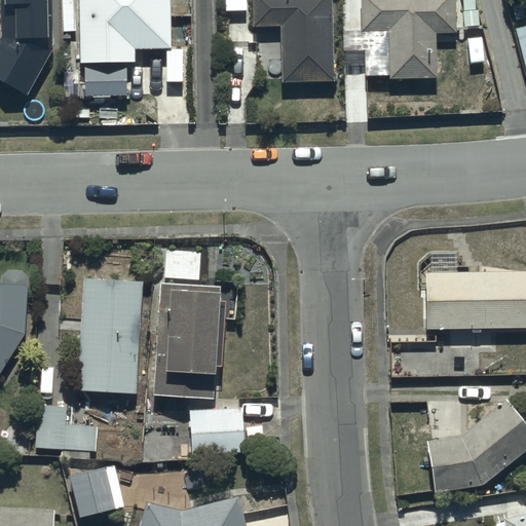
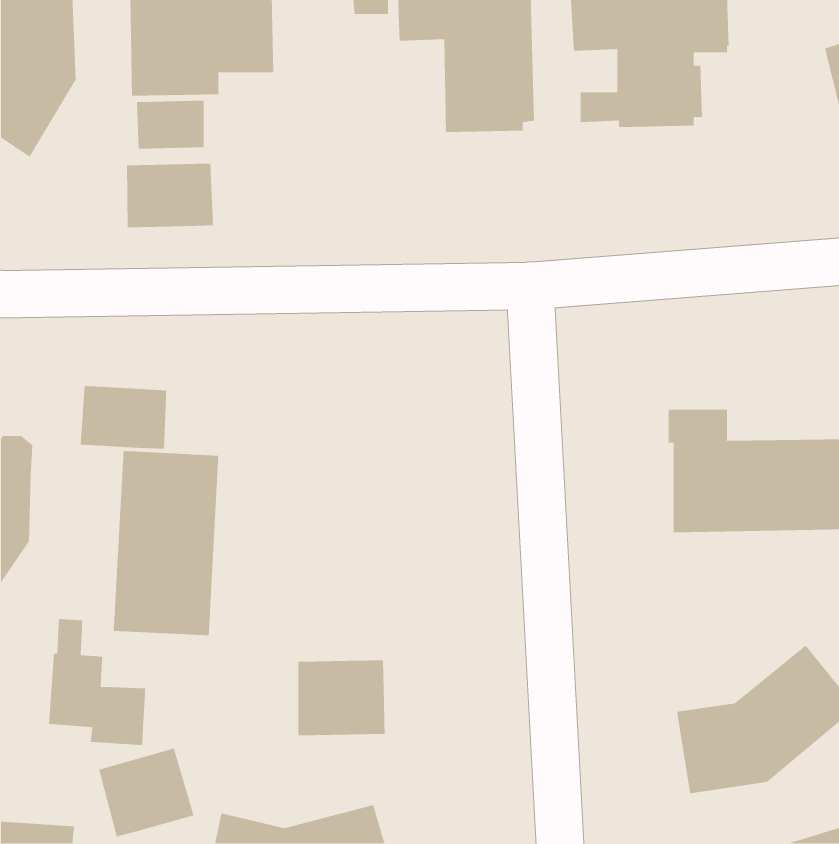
building: none -> [126,163,214,228]
building: none -> [80,385,167,450]
building: [152,284,220,400] -> none

